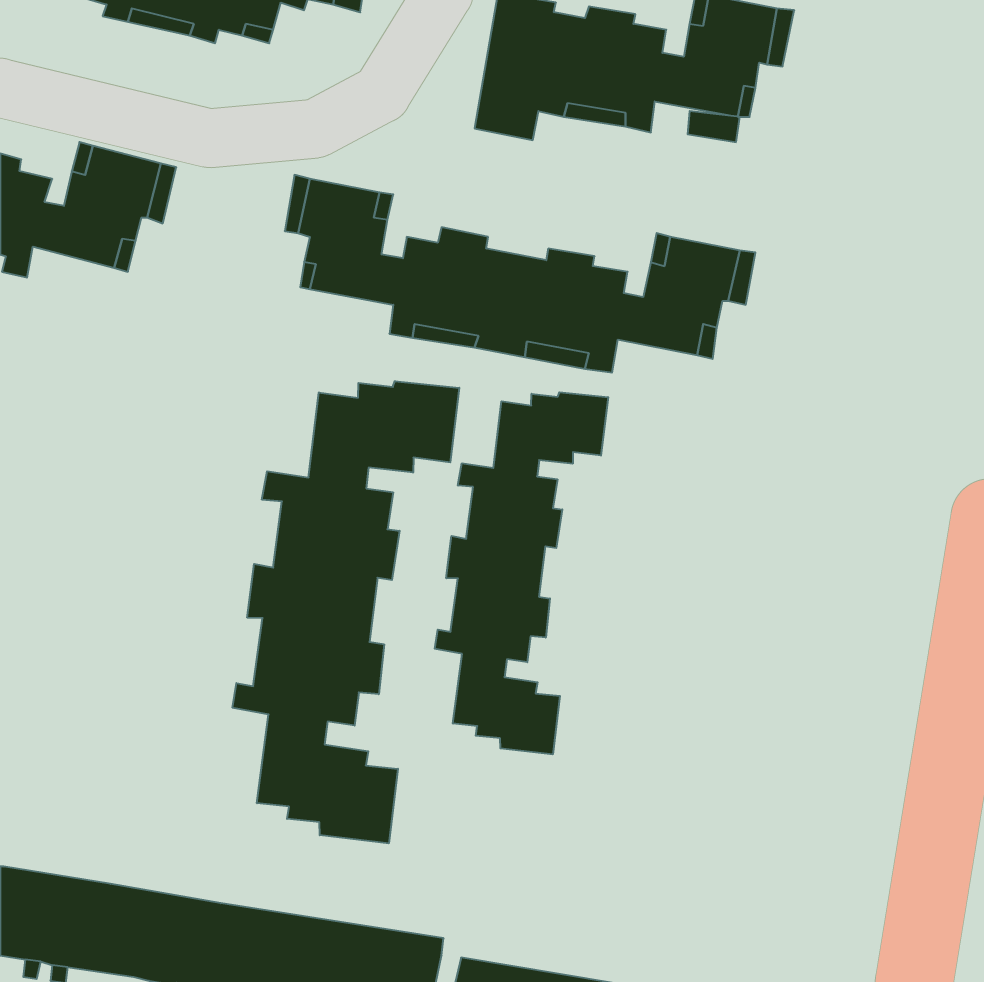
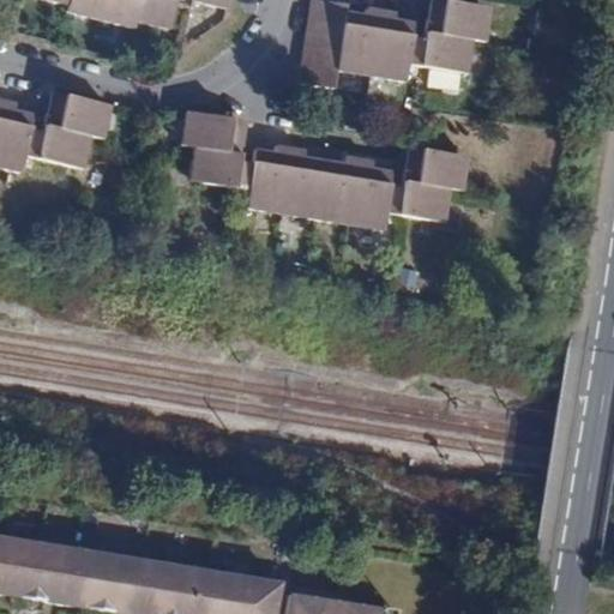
building: [233,381,459,843] -> none
building: [435,392,608,754] -> none

